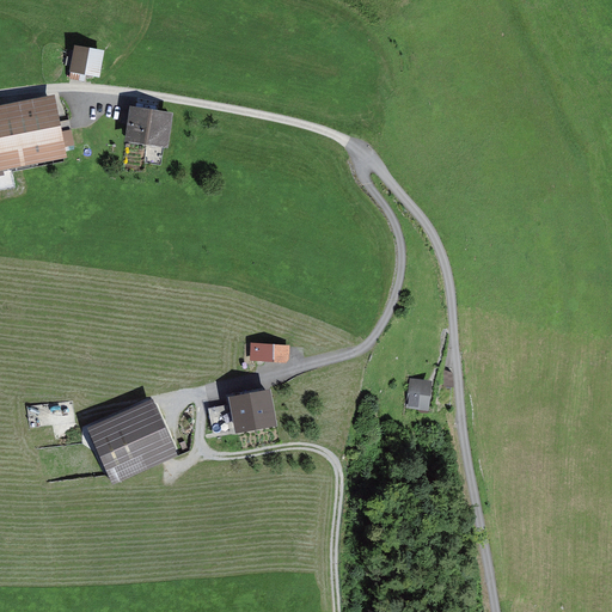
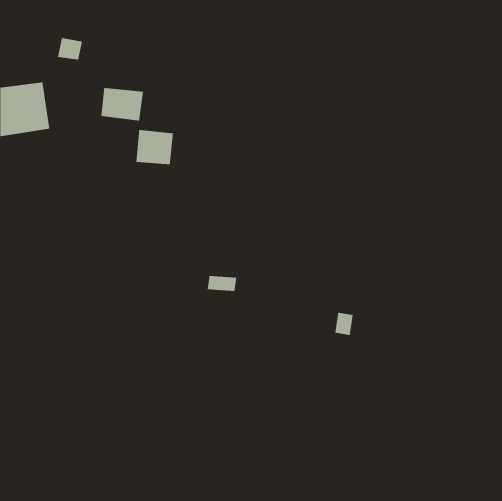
building: none -> [136,129,174,165]
building: [231,392,273,429] -> none
building: [96,403,172,473] -> none

